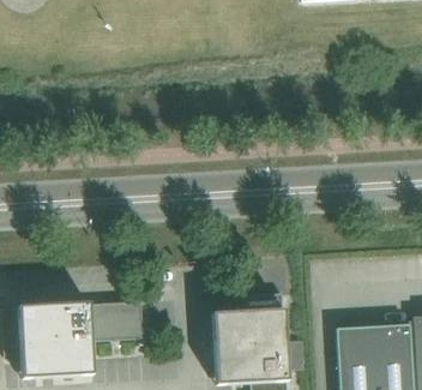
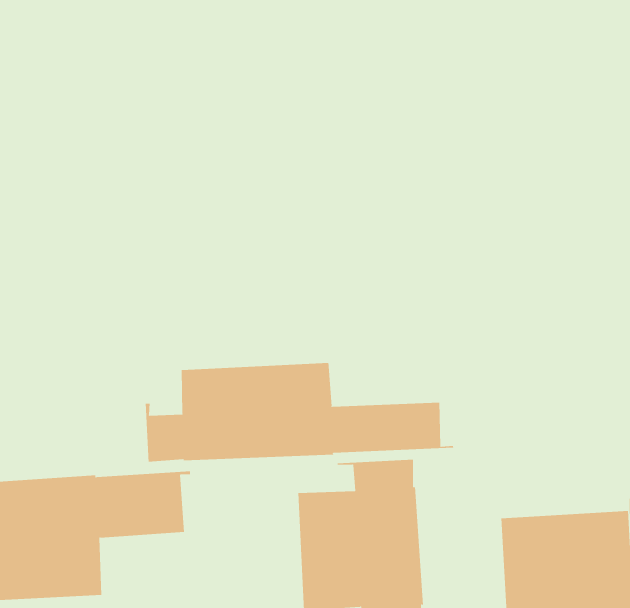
building: none -> [145,362,454,463]

